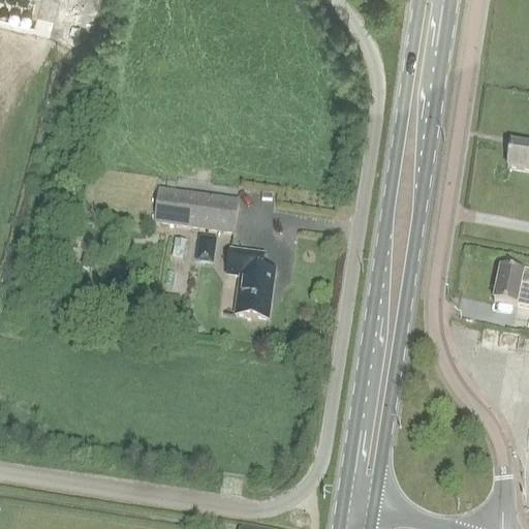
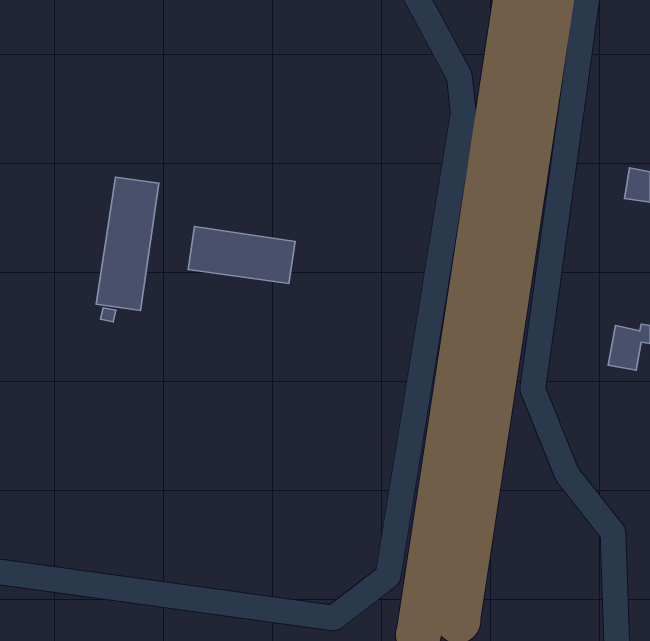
building: none -> [96,177,159,311]
building: [228,245,275,315] -> none

